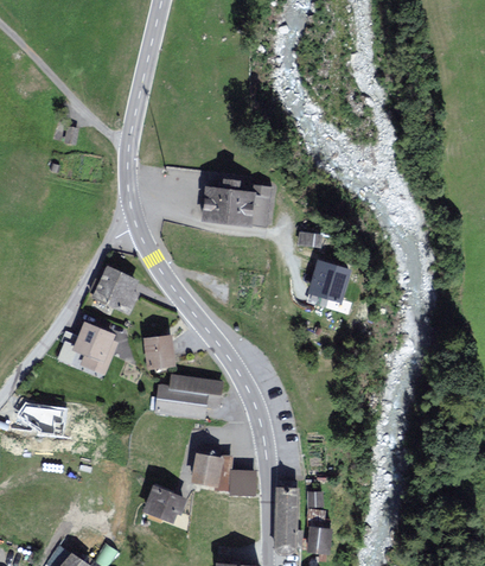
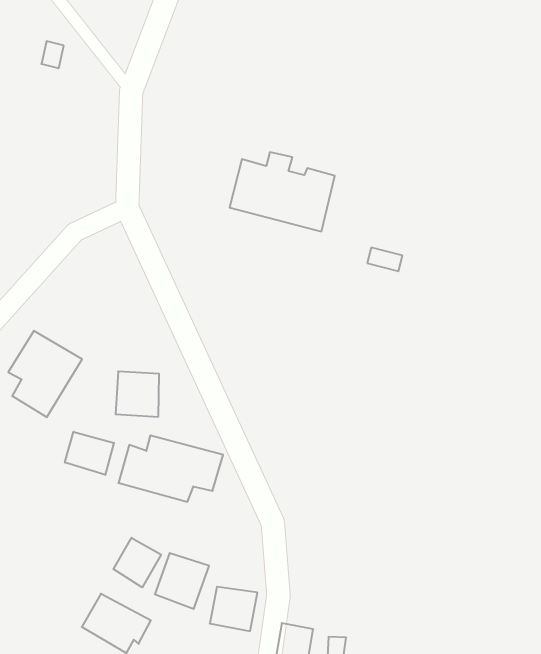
building: [308,260,350,301] -> none
building: [94,267,139,312] -> none
building: none -> [65,432,114,475]
building: none -> [113,538,161,587]

